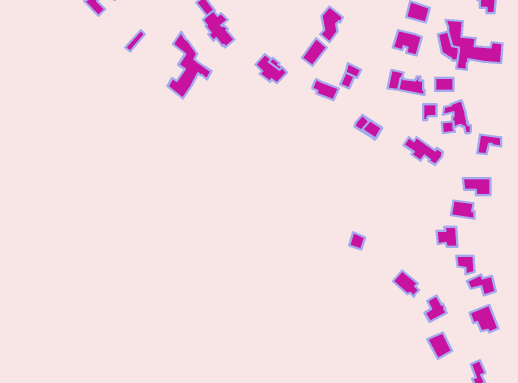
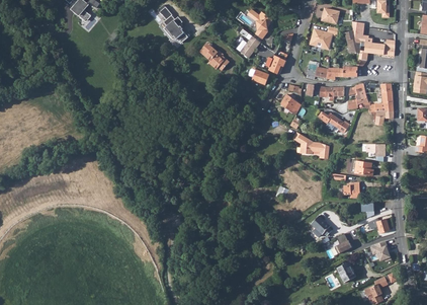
building: [167,32,212,98] -> none
building: none -> [368,83,393,111]
building: none -> [292,132,329,158]

